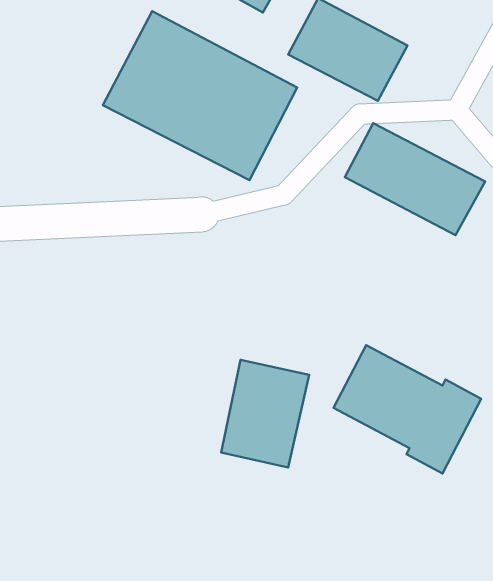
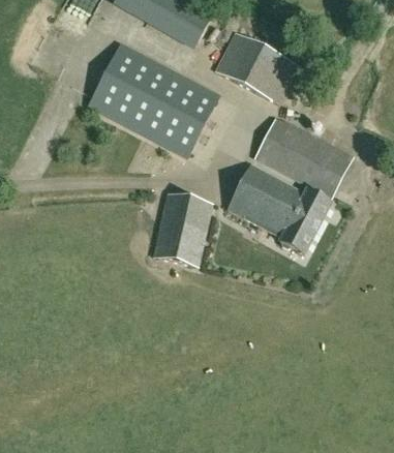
building: [333,345,481,474] -> [228,164,330,253]
building: [221,360,309,467] -> [151,191,212,266]

